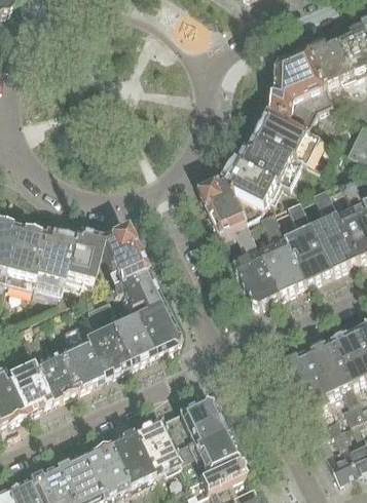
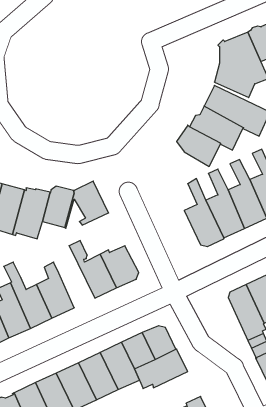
building: [199,180,263,237] -> none
building: [111,268,162,312] -> none
building: [83,304,126,378] -> none
building: [196,454,246,490] -> none

